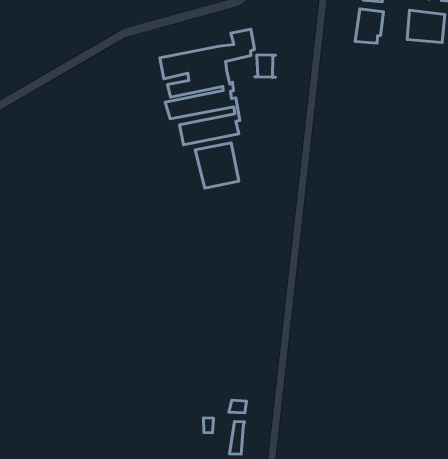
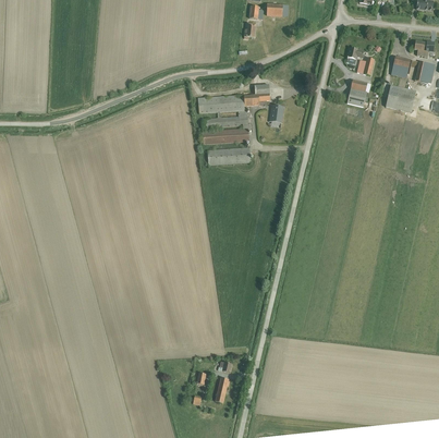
building: [195,143,239,188] -> none

